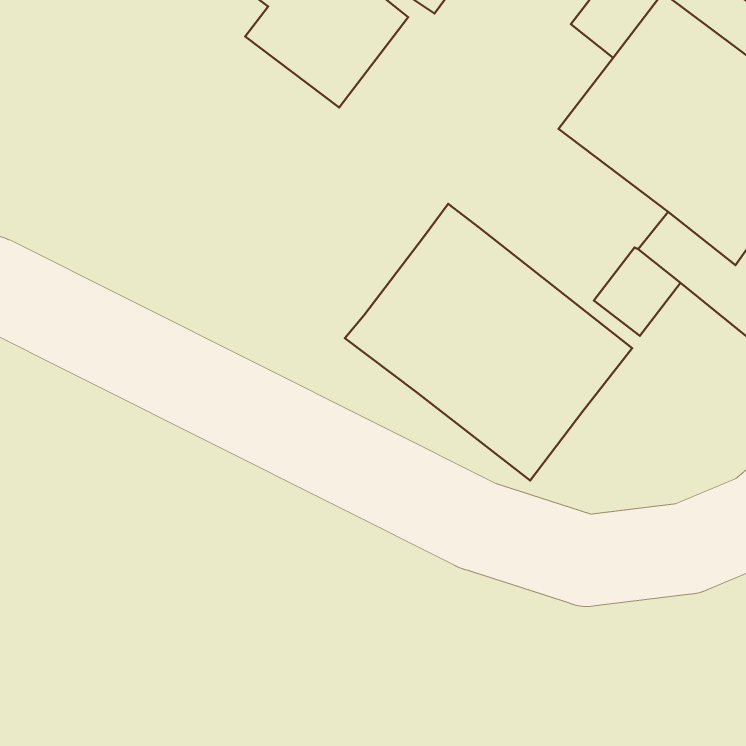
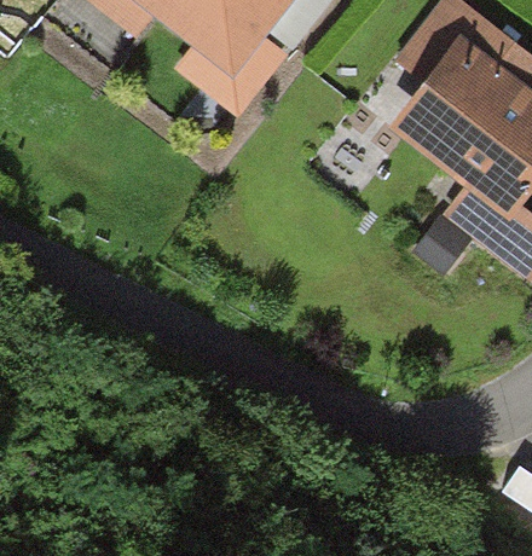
building: [345,204,632,481] -> none

